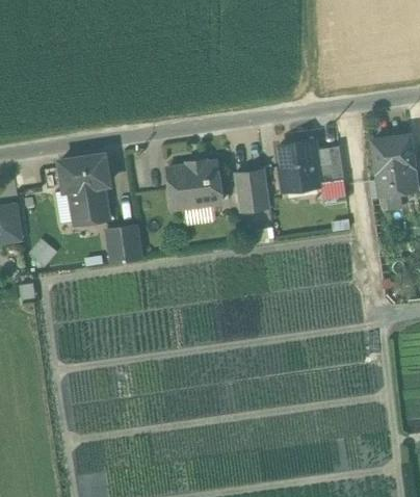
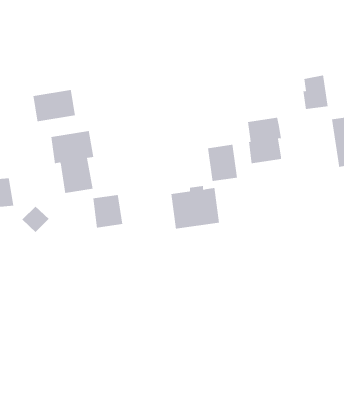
building: none -> [33,89,75,122]
building: [315,146,344,184] -> [302,75,329,109]
building: [167,160,222,209] -> [170,186,220,229]

